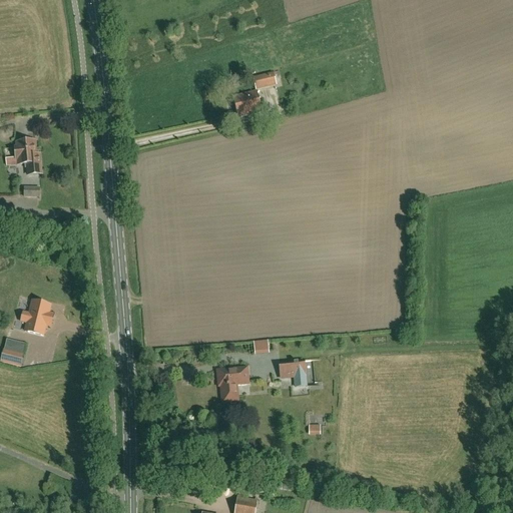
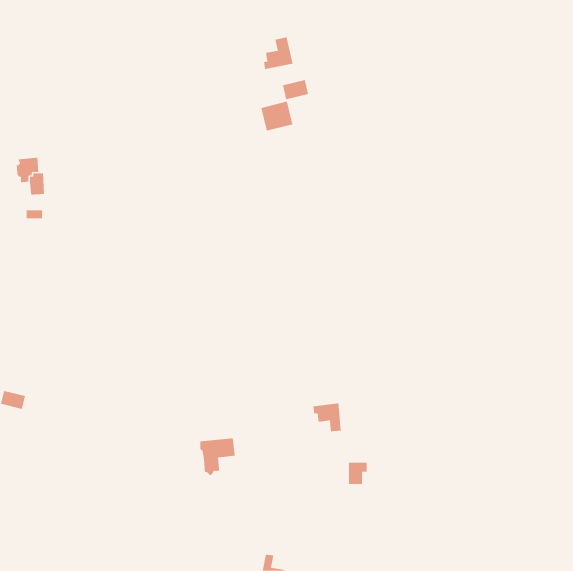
building: none -> [261,37,293,70]
building: [27,301,53,335] -> none
building: [216,367,248,401] -> [200,438,236,476]

